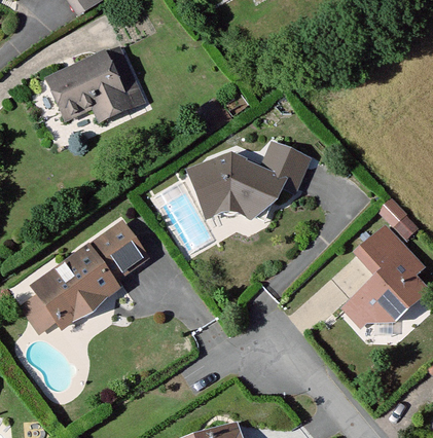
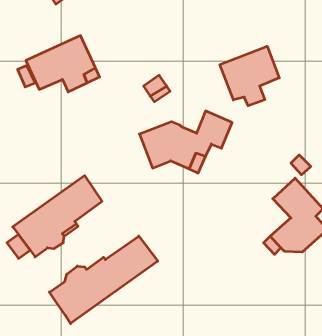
building: none -> [220,46,279,106]
building: none -> [49,236,158,324]

